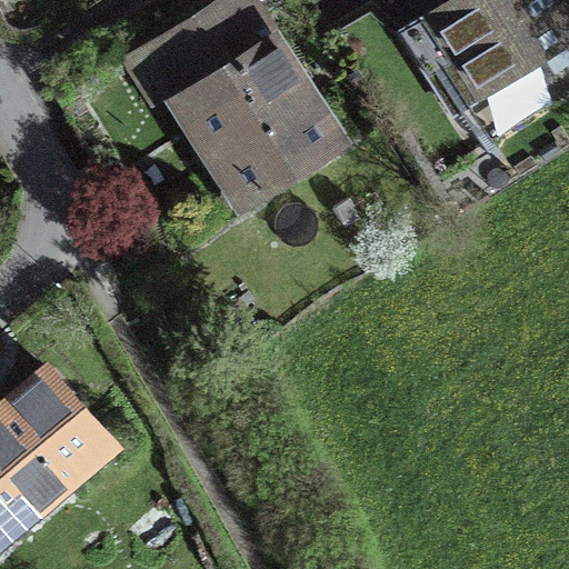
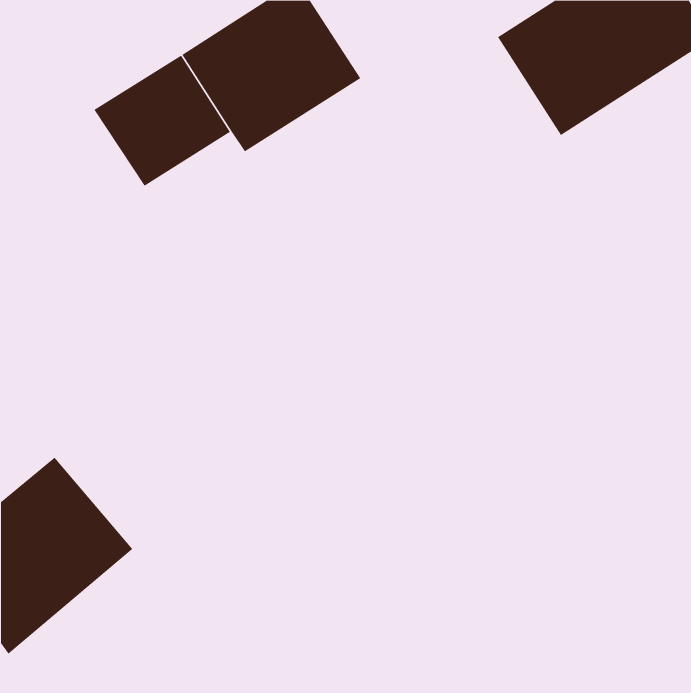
building: [207,70,350,206] -> none

